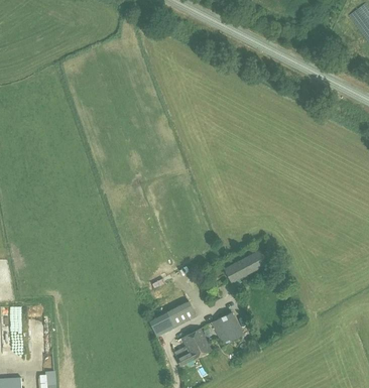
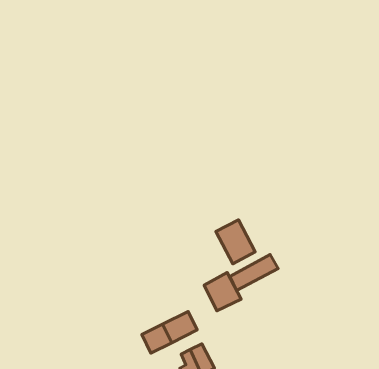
building: none -> [216,220,255,264]
building: [211,311,243,345] -> [204,272,241,311]

